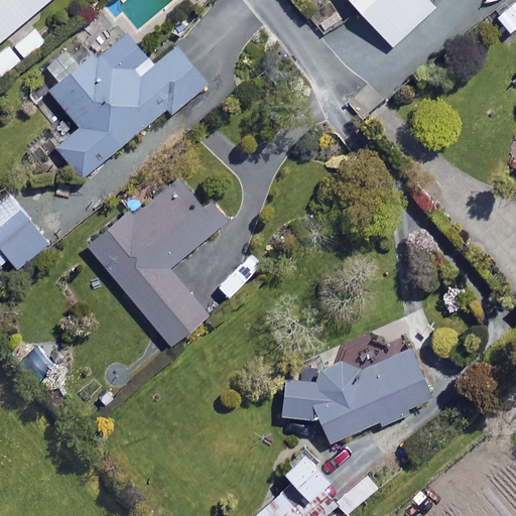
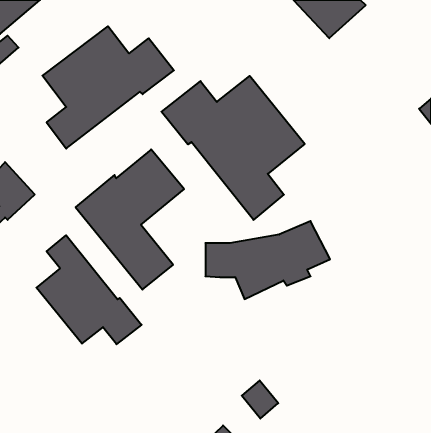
building: none -> [161,76,305,220]
building: none -> [36,235,142,344]
building: [284,352,432,444] -> [205,221,330,299]

